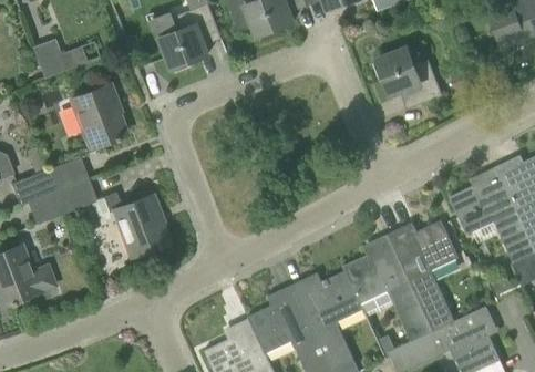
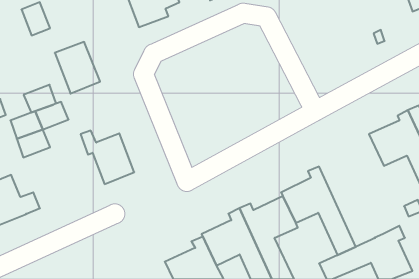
building: [377,49,441,110] -> none
building: [56,179,95,213] -> [24,85,56,113]
building: [388,220,457,332] -> none

